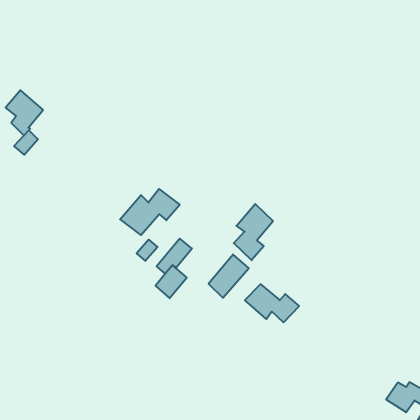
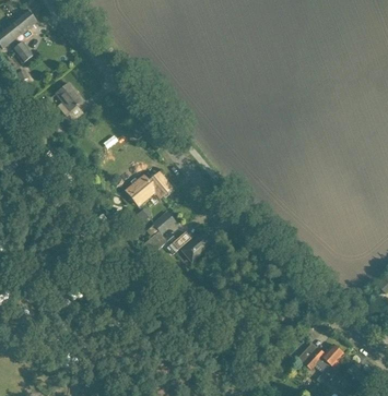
building: [234,204,273,260] -> none
building: [245,284,299,322] -> none

